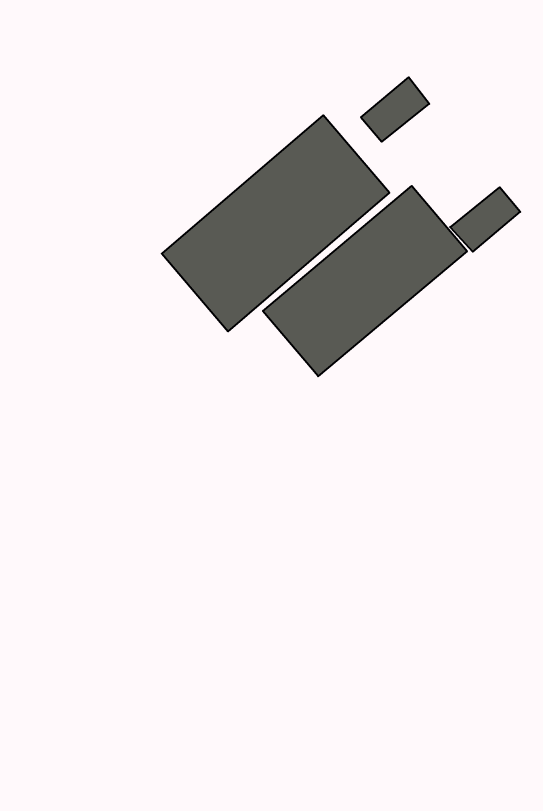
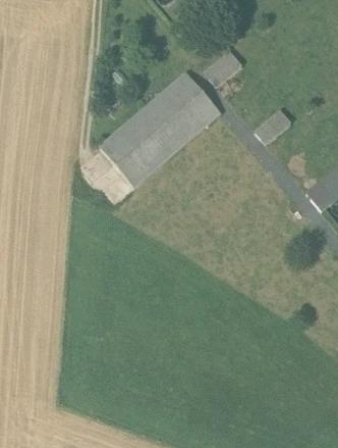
building: [263,186,467,376] -> none

